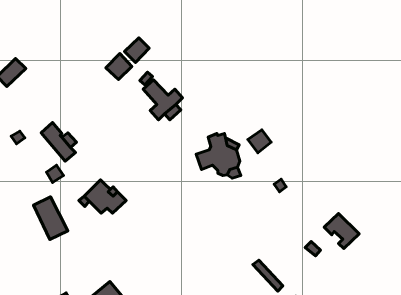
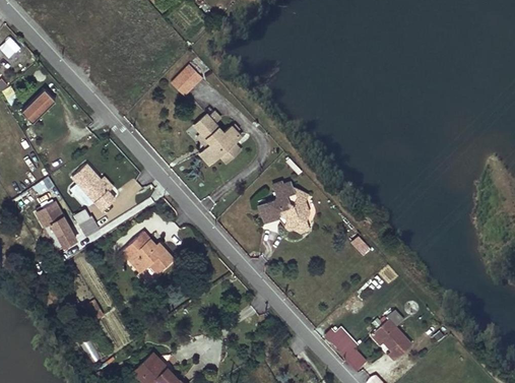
building: [106,54,132,80] -> none
building: [248,130,271,153] -> none
building: [33,197,68,240] -> [37,200,77,251]
building: [324,213,359,248] -> [371,322,412,364]

